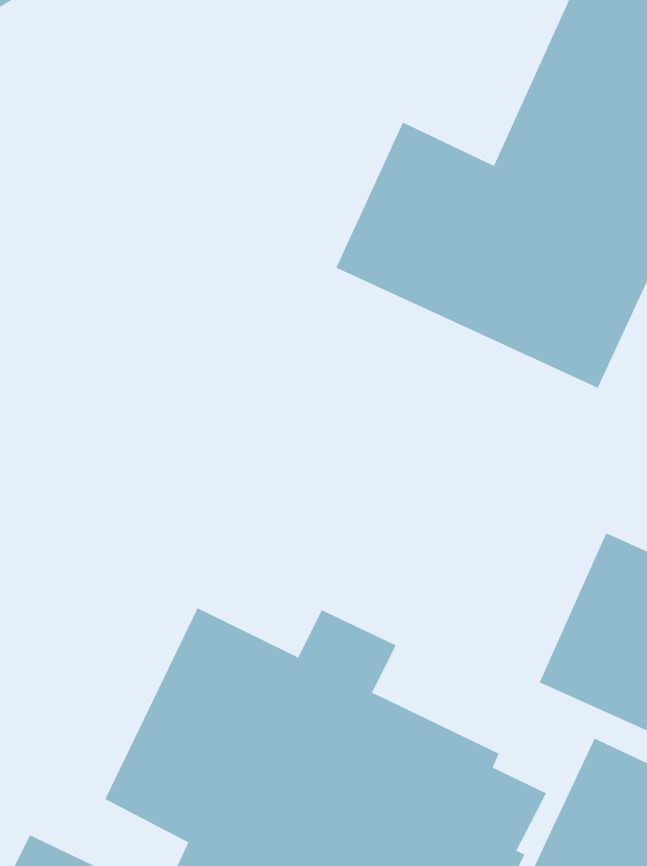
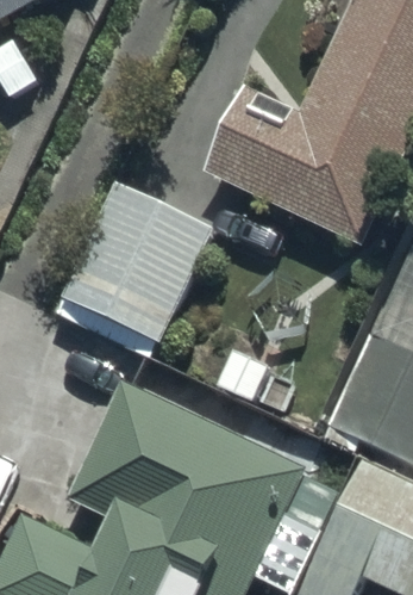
building: none -> [54,181,214,357]

